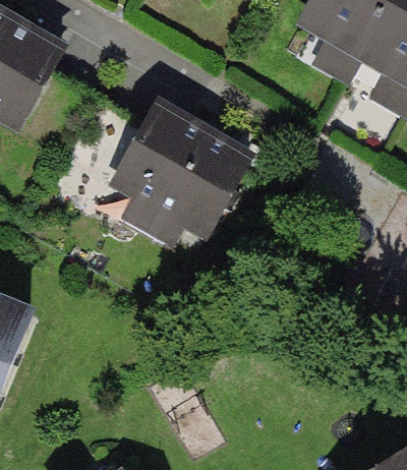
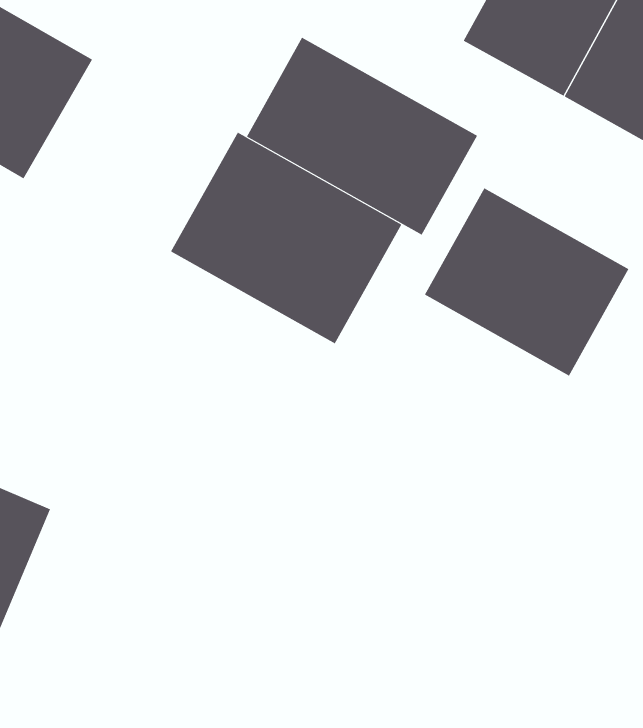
building: none -> [246,37,478,236]
building: none -> [424,188,629,376]

